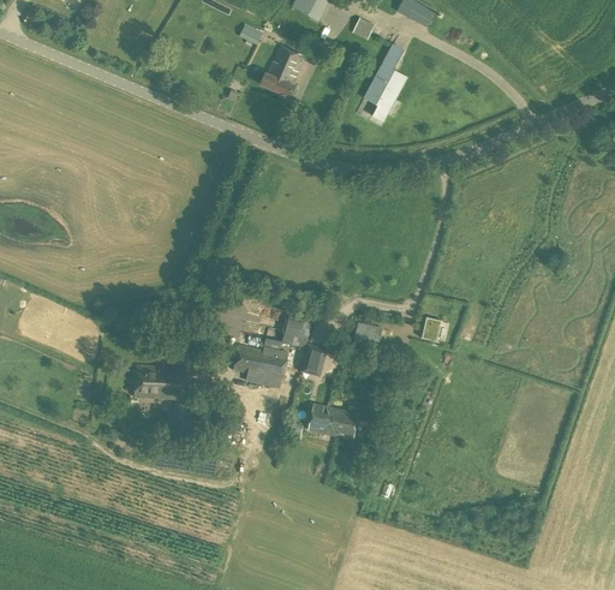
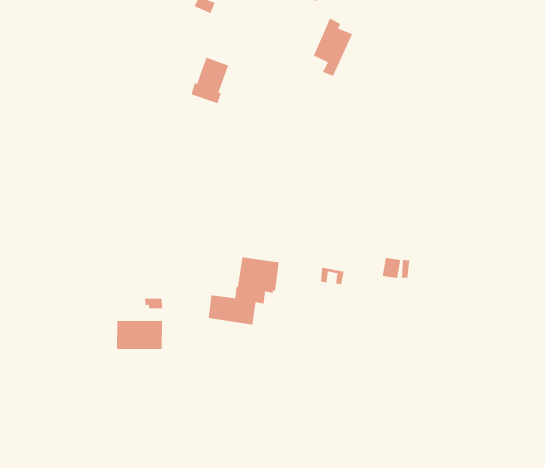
building: [261,47,304,99] -> [190,57,229,104]
building: [300,345,328,377] -> none
building: [308,404,359,441] -> none

